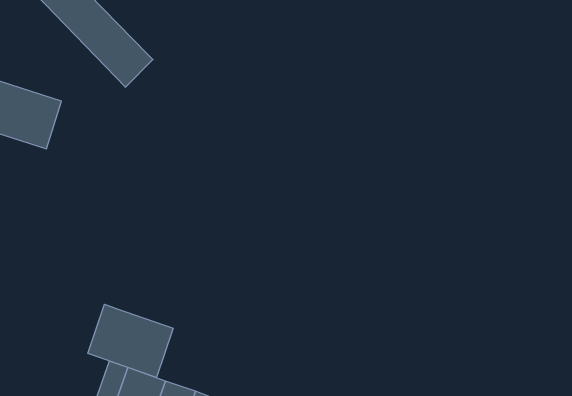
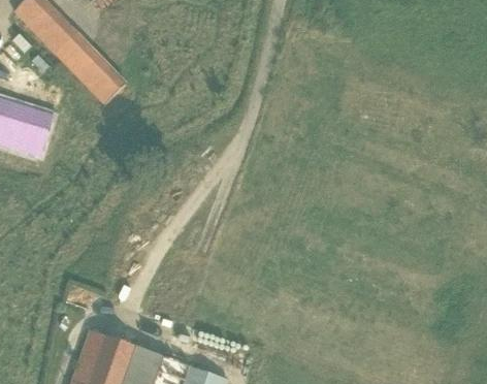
building: [88,304,173,378] -> none

